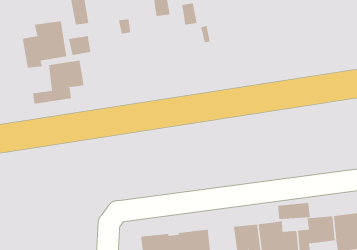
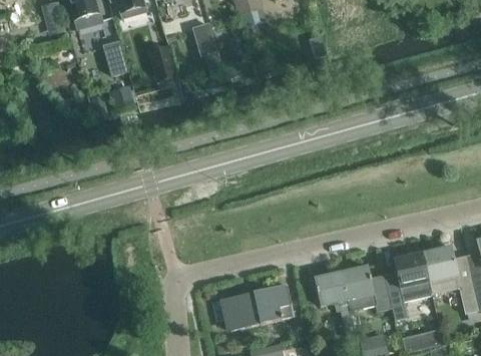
building: [22,21,67,69] -> none
building: [33,60,84,105] -> none
building: [277,202,310,220] -> none

